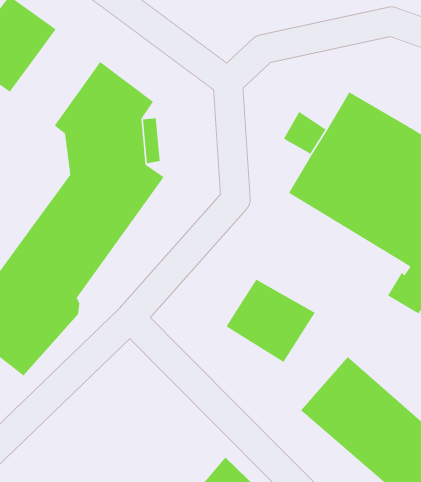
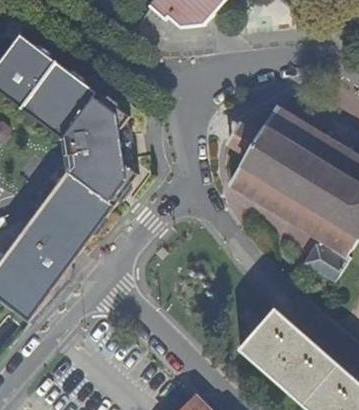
building: none -> [18,60,86,133]
building: [226,279,316,363] -> none

